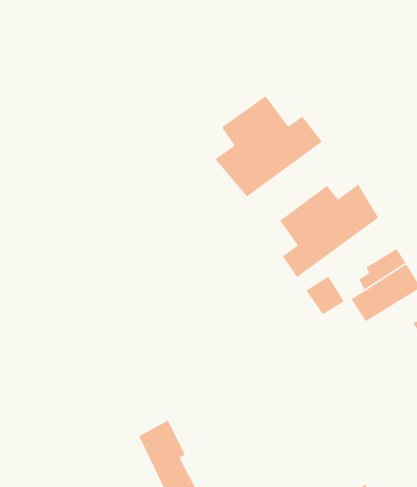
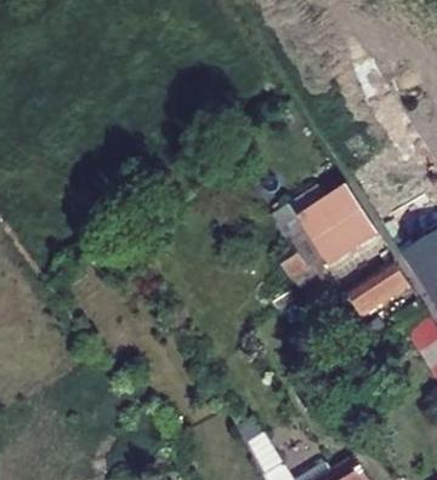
building: [215,95,323,198] -> none

